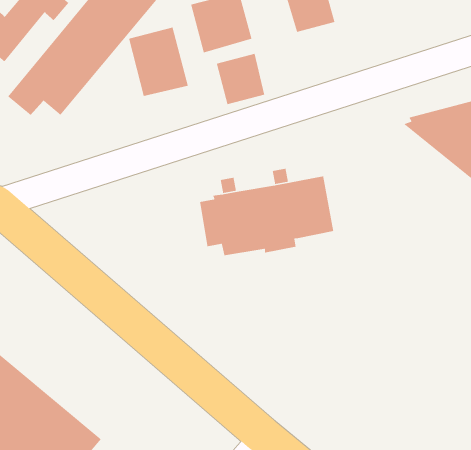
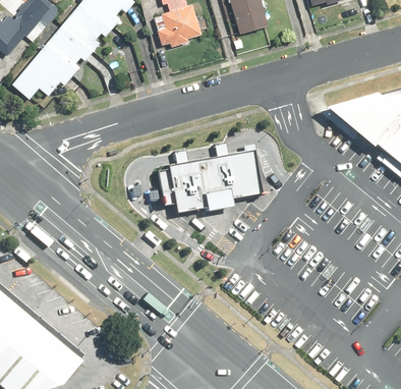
building: [128,26,189,97] -> none
building: [216,53,265,105] -> none

